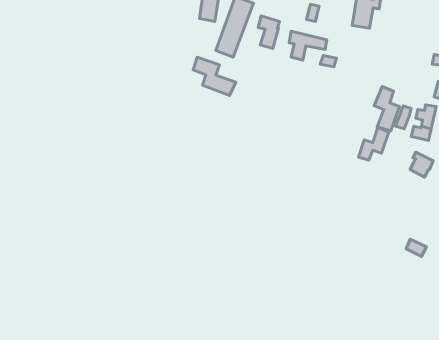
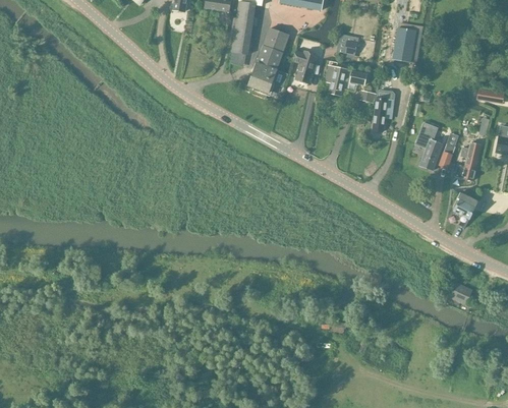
building: [193,57,236,95] -> none
building: none -> [371,97,395,130]
building: [359,127,389,160] -> none

